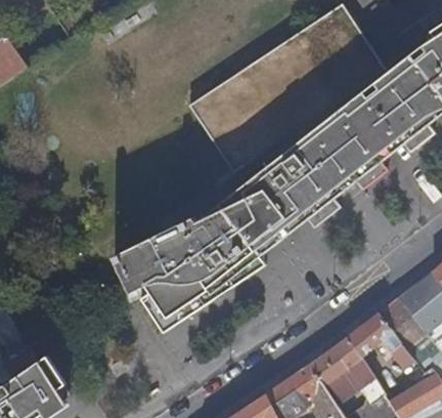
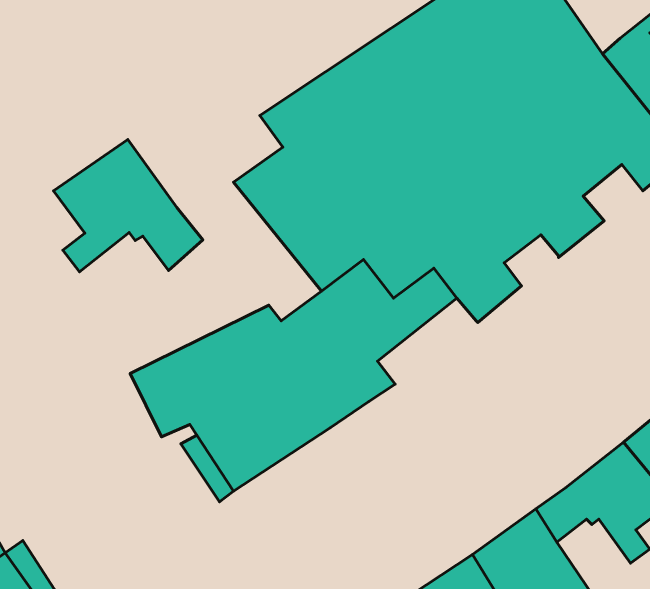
building: none -> [53,139,203,272]

